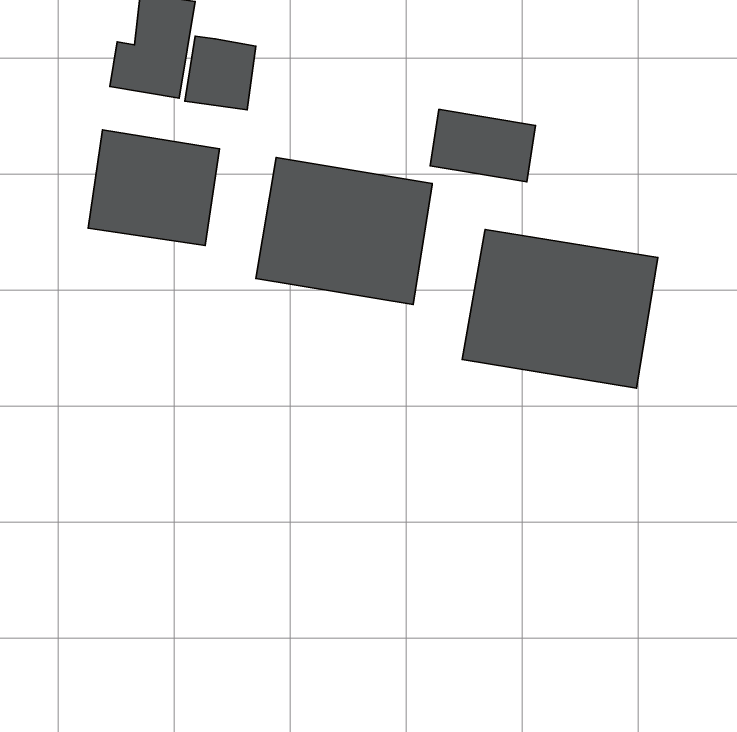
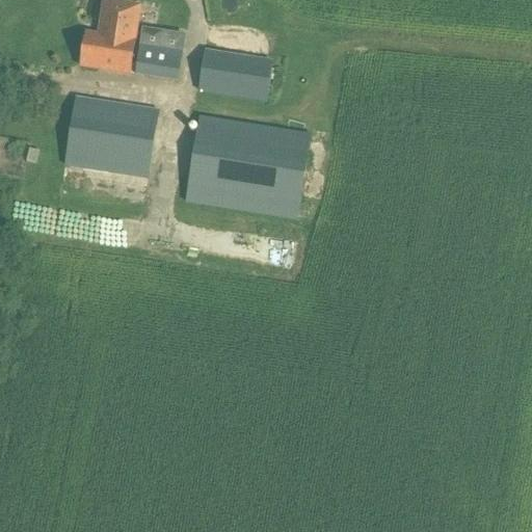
building: [430,110,536,182] -> [196,48,272,100]
building: [462,229,658,388] -> none

